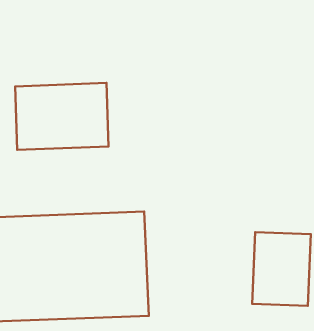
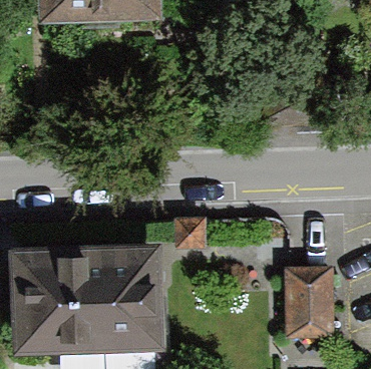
building: [15,83,108,150] -> none

